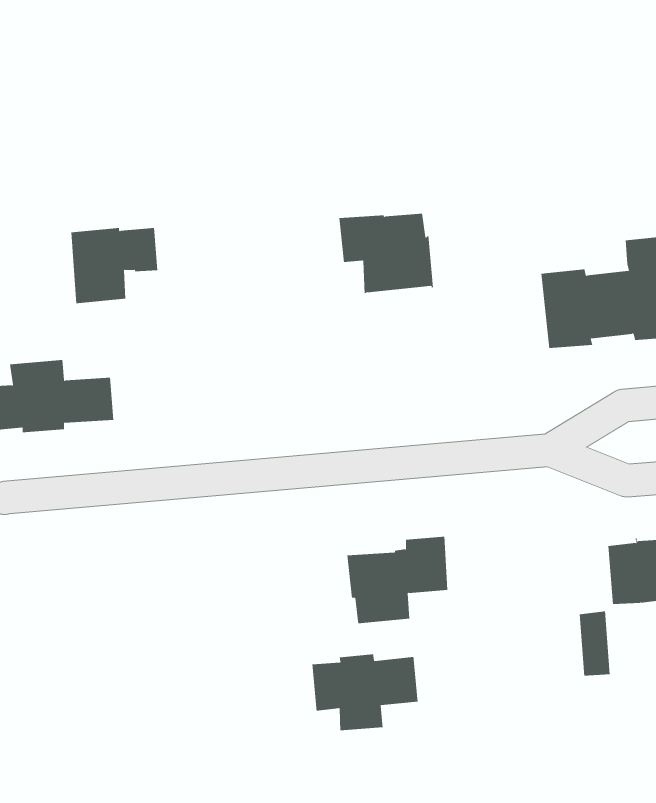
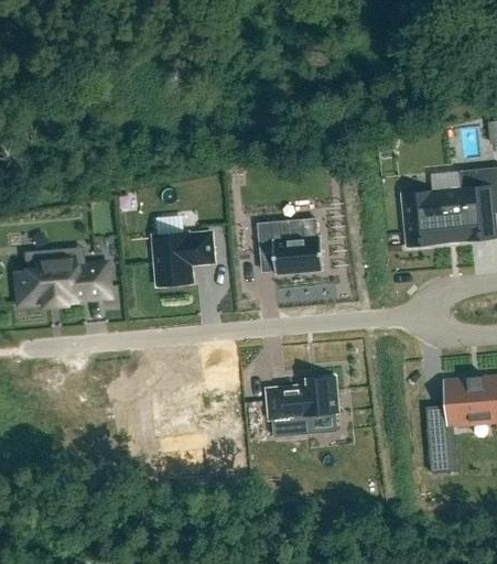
building: [339,213,434,294] -> [257,219,323,275]
building: [71,227,158,304] -> [153,232,214,285]
building: [312,654,418,731] -> none

